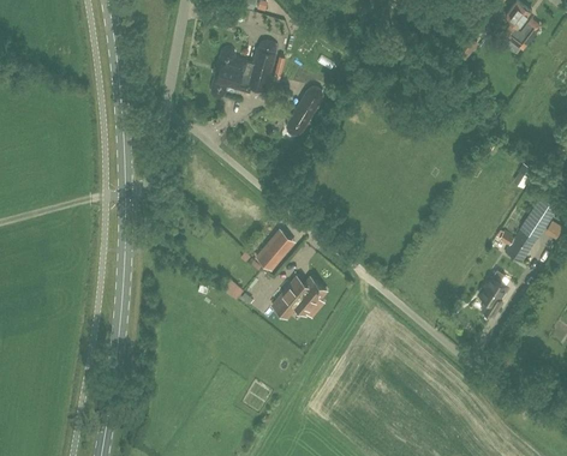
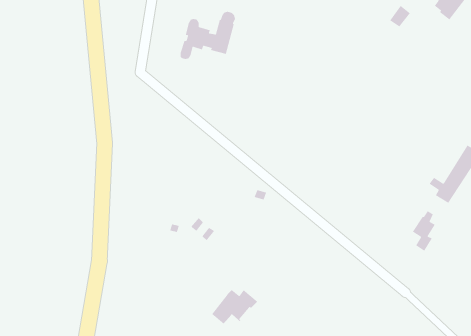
building: [285,85,322,134] -> none
building: [255,229,294,270] -> none
building: [271,276,326,317] -> [211,289,258,324]

